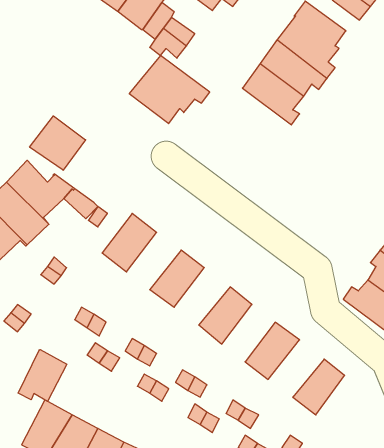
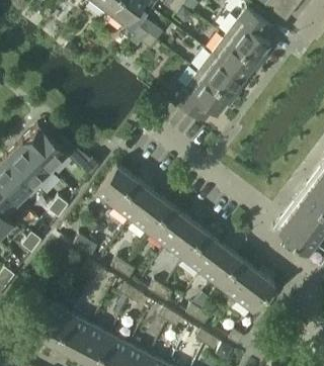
building: [129,55,210,124] -> [175,71,235,121]
building: [30,116,86,170] -> none
building: none -> [112,178,153,220]
building: none -> [148,204,189,247]
building: none -> [183,232,223,274]
building: none -> [218,258,259,300]
building: [18,350,67,401] -> none

